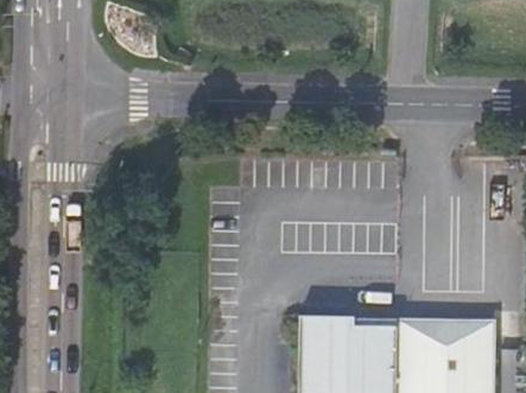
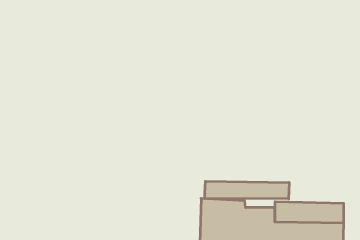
building: none -> [205,181,289,199]

